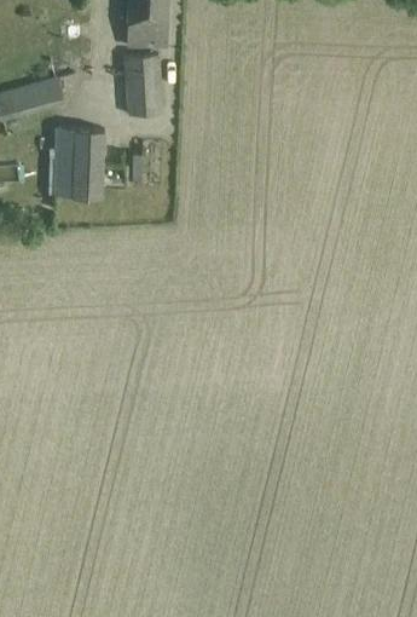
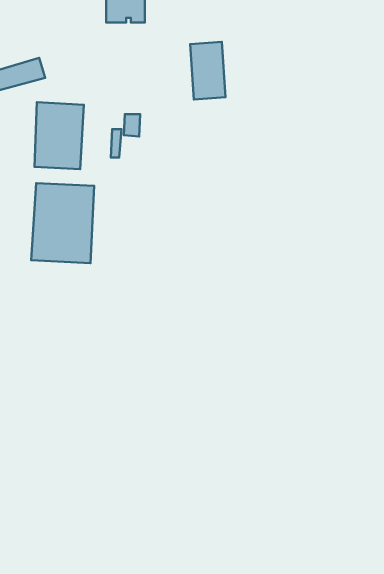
building: [124,53,161,113] -> [190,42,225,99]
building: none -> [31,183,94,263]

